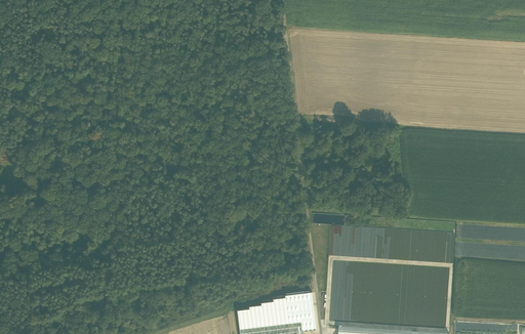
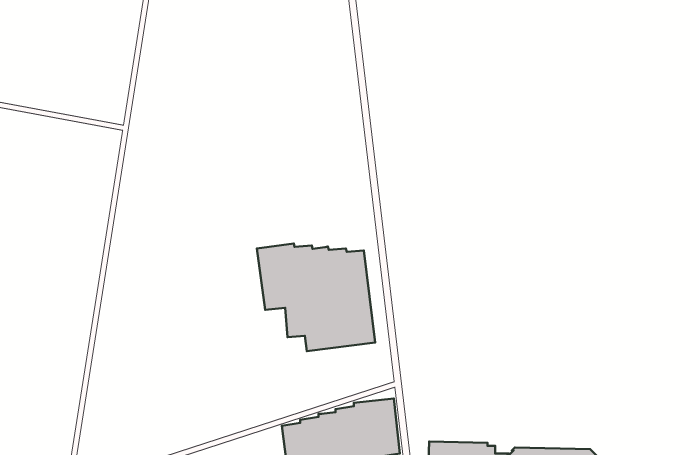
building: none -> [257,244,375,351]

